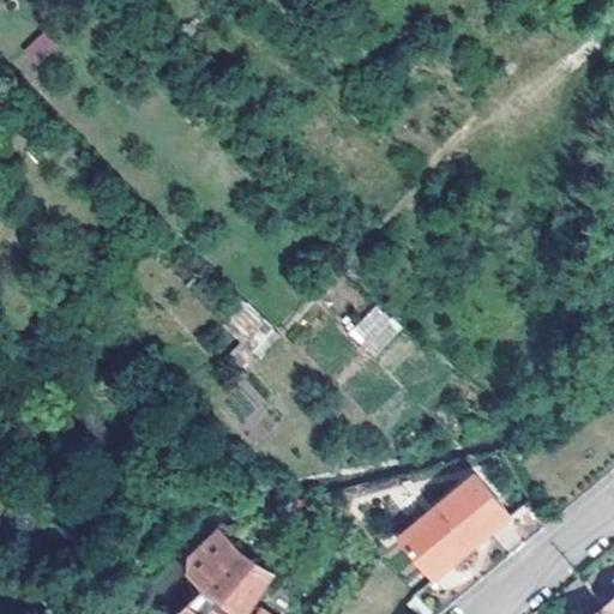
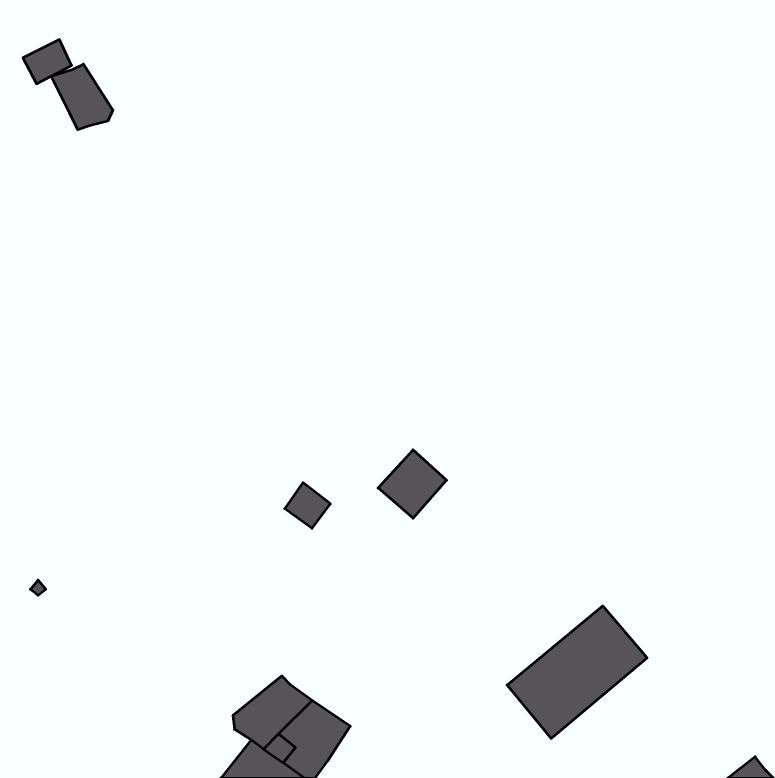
building: none -> [51,64,113,130]
building: [345,303,399,357] -> [378,450,447,518]

